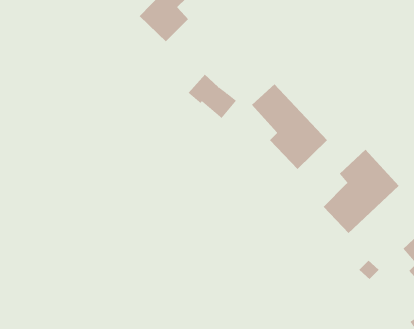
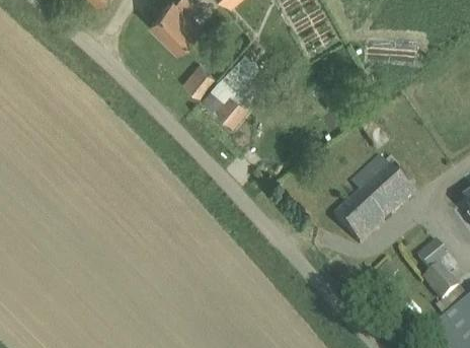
building: none -> [184,65,216,97]
building: [251,84,328,170] -> none

